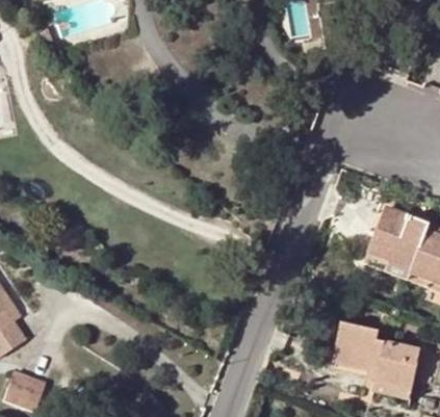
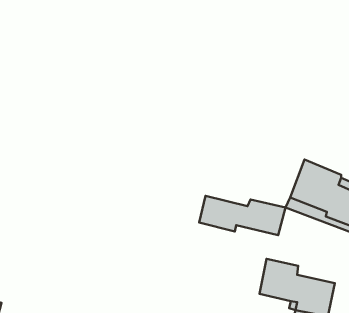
building: none -> [199,196,286,235]

